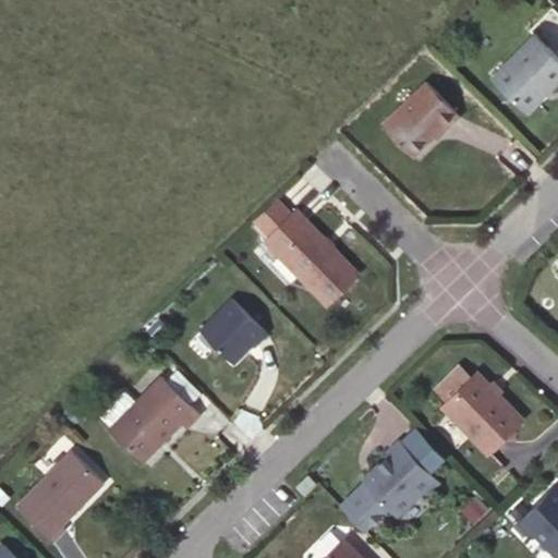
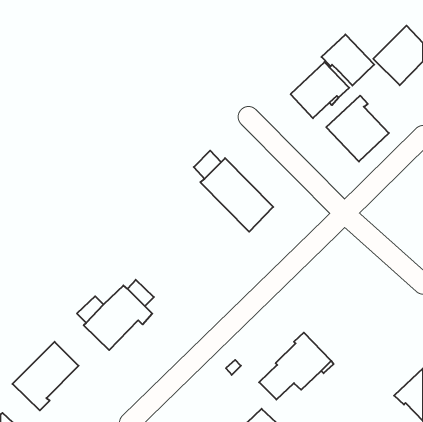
building: none -> [321,34,374,86]
building: none -> [326,96,389,162]
building: [201,300,267,363] -> none
building: [441,372,524,453] -> none

